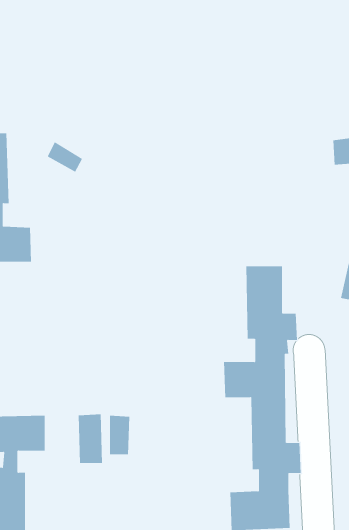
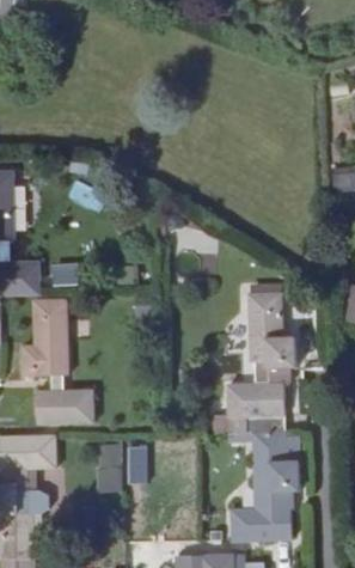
building: none -> [23,297,94,422]

